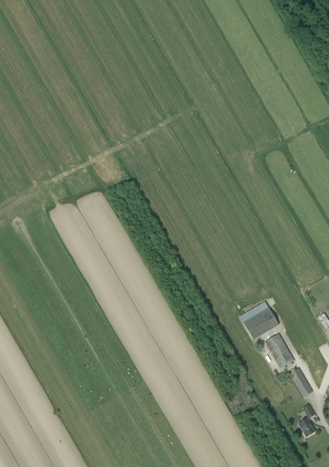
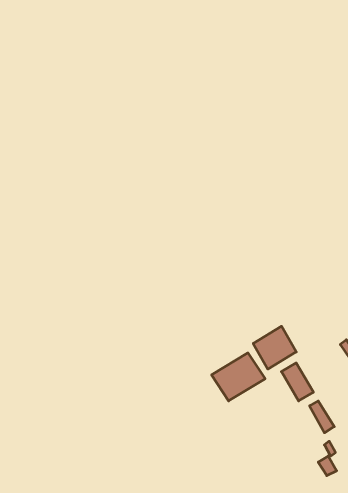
building: none -> [212,353,265,401]

